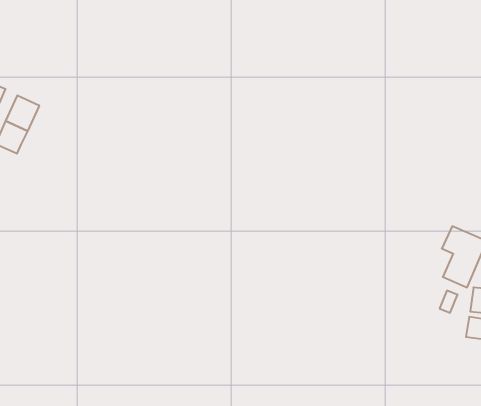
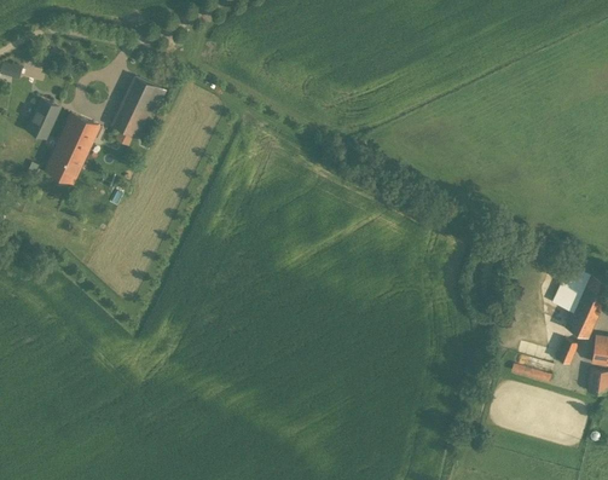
building: none -> [114,79,164,139]

